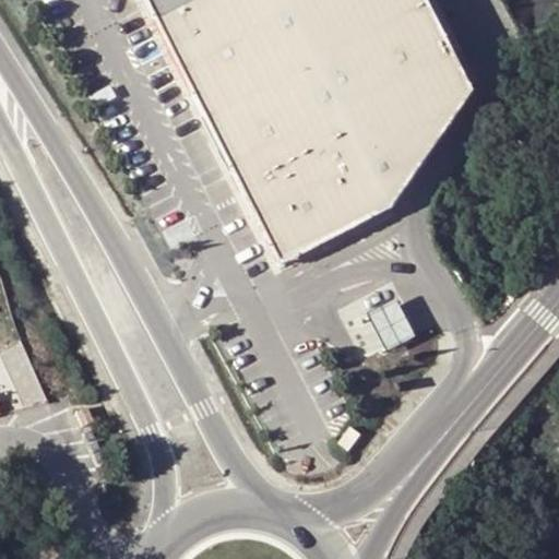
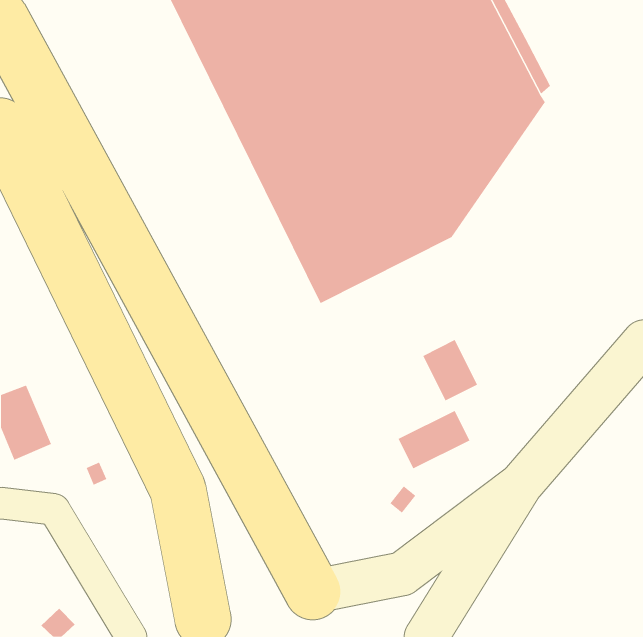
building: none -> [398,410,470,469]

